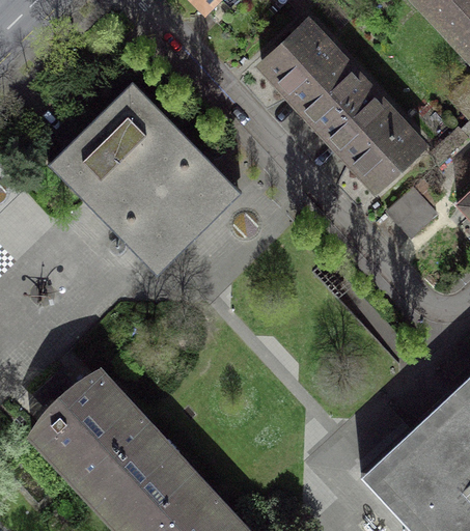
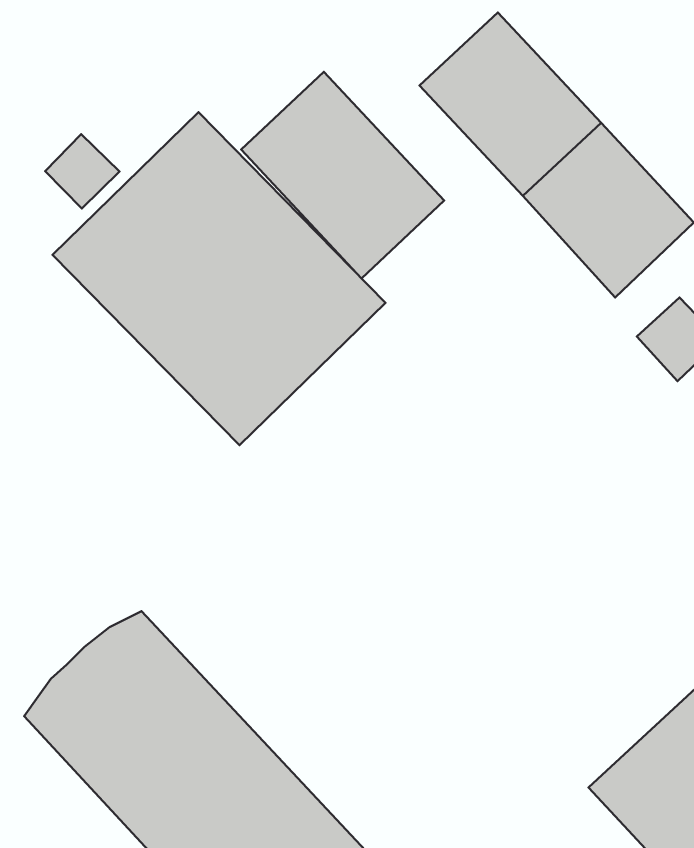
building: none -> [241,72,444,278]
building: none -> [45,134,119,208]

